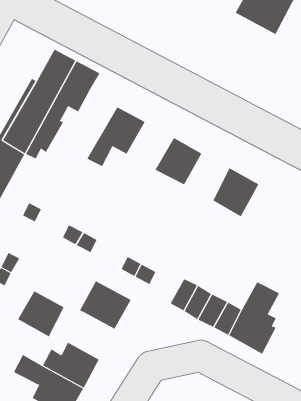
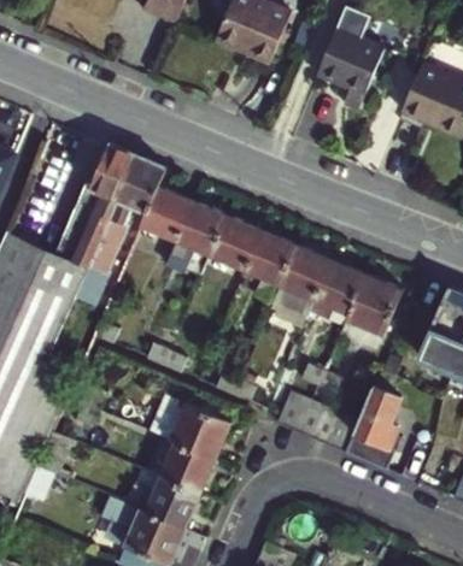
building: none -> [140,185,189,240]
building: none -> [206,214,258,269]
building: none -> [270,244,326,312]
building: none -> [342,273,399,334]
building: [17,290,65,337] -> [159,441,212,493]

